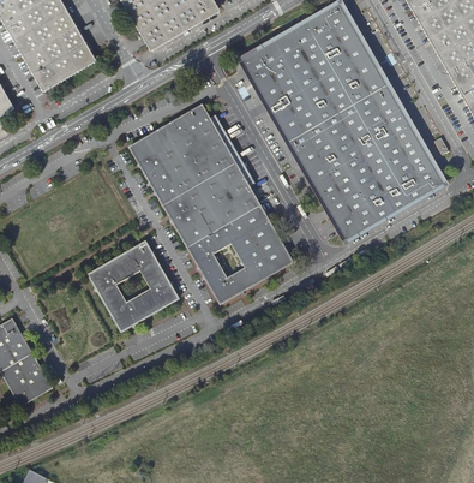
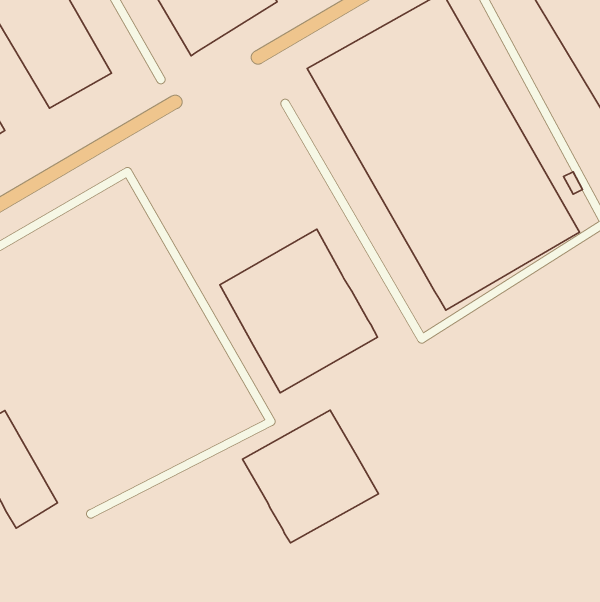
building: [130,103,247,221] -> none
building: [88,239,179,330] -> none
building: none -> [242,410,378,543]

